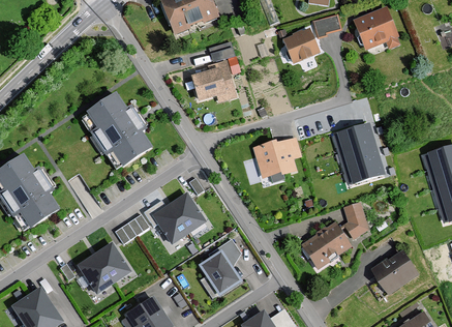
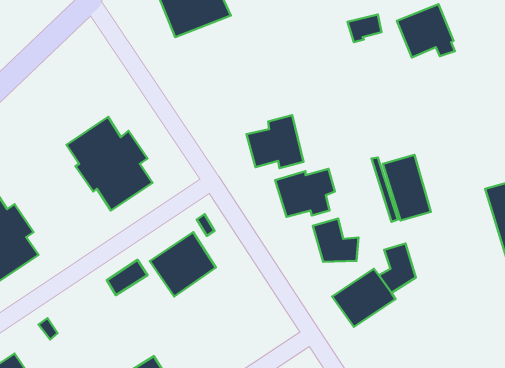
building: [281,26,320,62] -> none
building: [189,58,236,101] -> [247,115,303,168]
building: none -> [313,218,359,262]
building: [78,240,132,292] -> none
building: [199,249,241,295] -> none
building: [372,251,420,296] -> none

